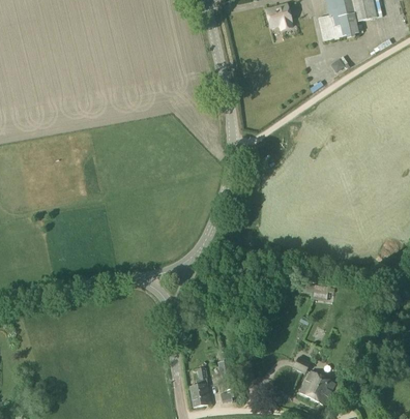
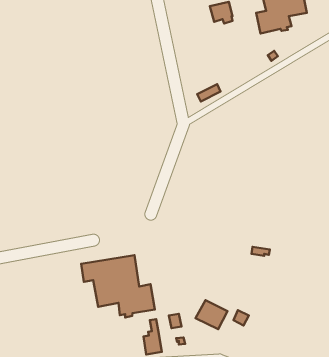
building: none -> [81,255,155,318]
building: [298,370,334,403] -> [196,300,227,329]

